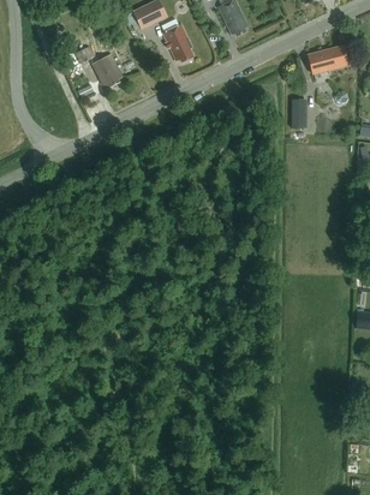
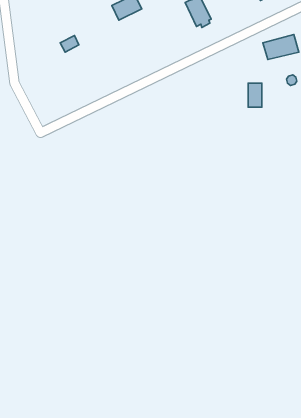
building: [163,24,192,61] -> none
building: [92,54,124,88] -> none

